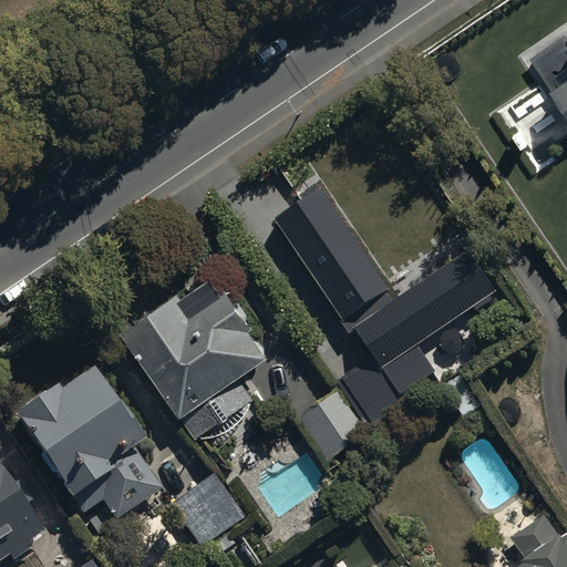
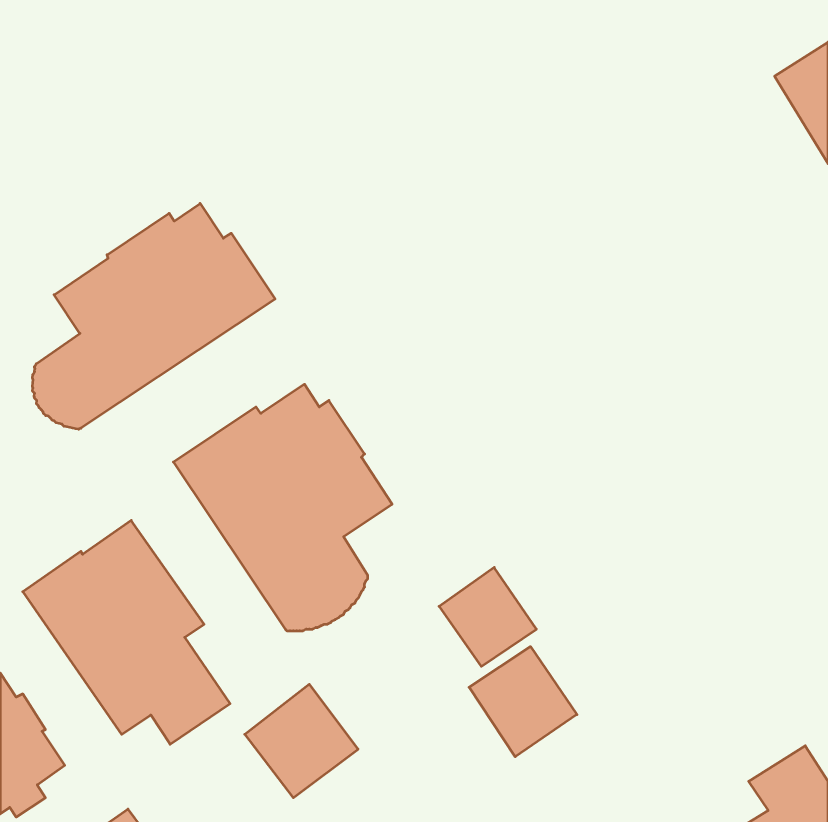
building: none -> [32,203,275,429]
building: [280,197,501,431] -> none
building: none -> [469,647,577,757]

